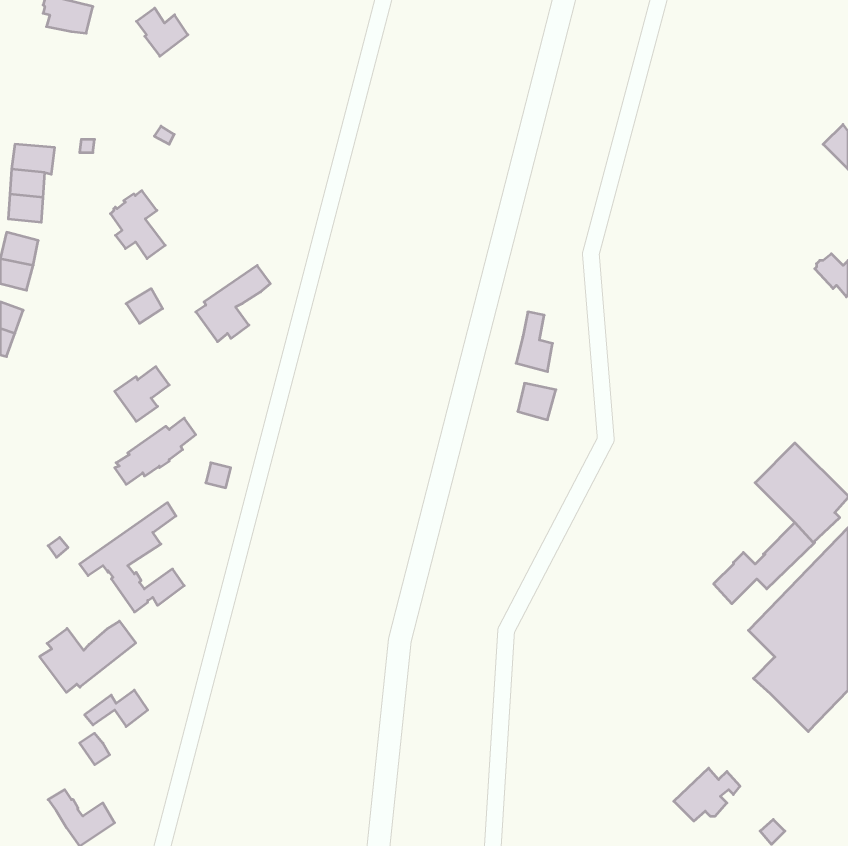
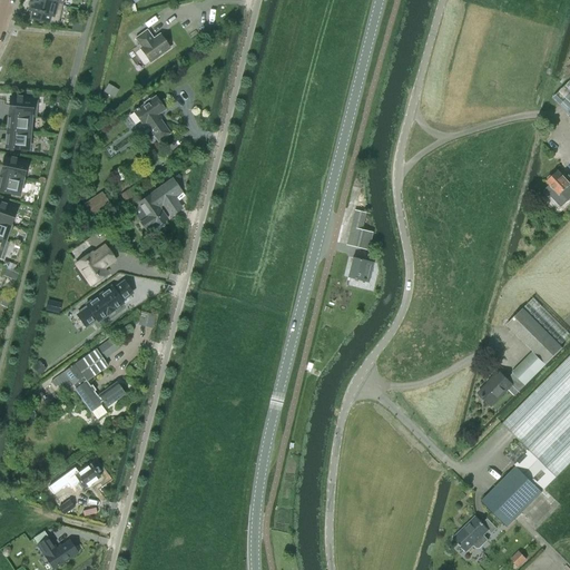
building: [136,8,188,56] -> [135,29,169,61]
building: [110,191,165,259] -> [134,96,170,141]
building: [40,621,136,692] -> none
building: none -> [482,465,542,525]

